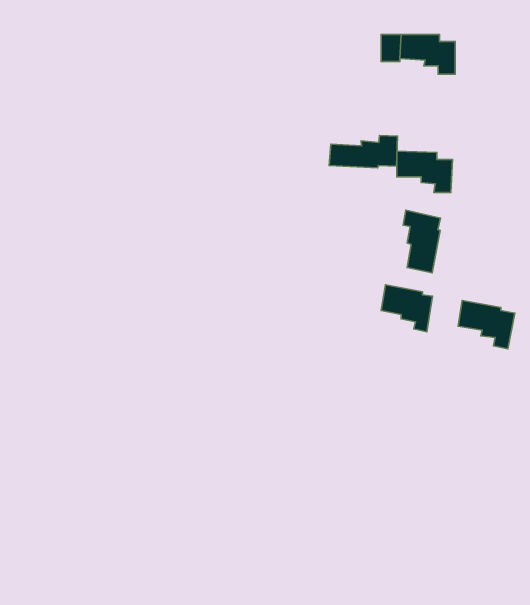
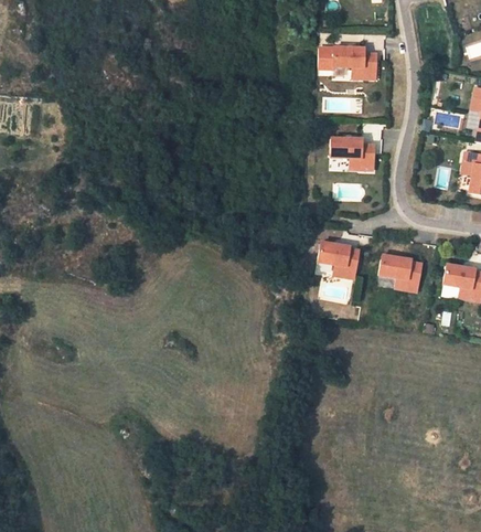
building: [329,135,397,168] -> none
building: [403,210,440,273] -> none

